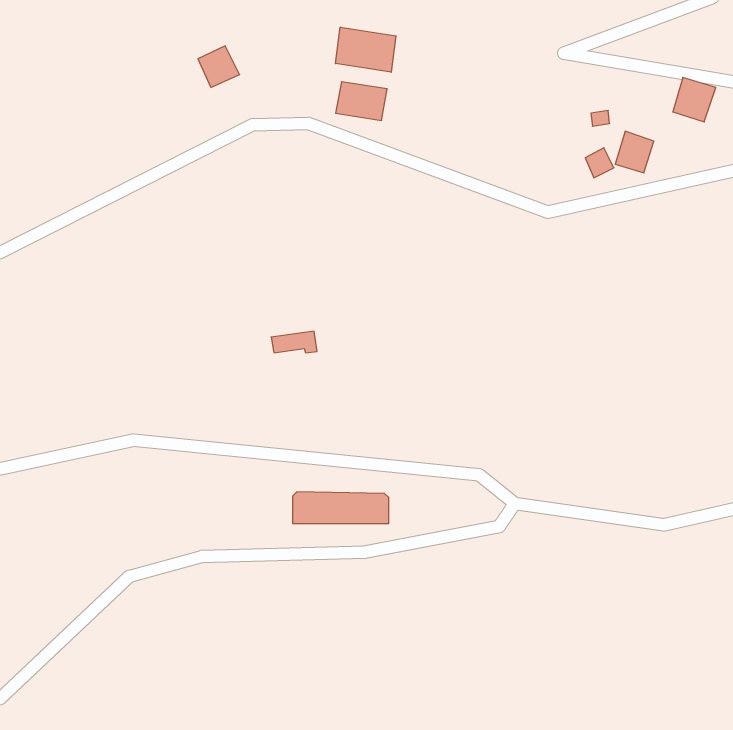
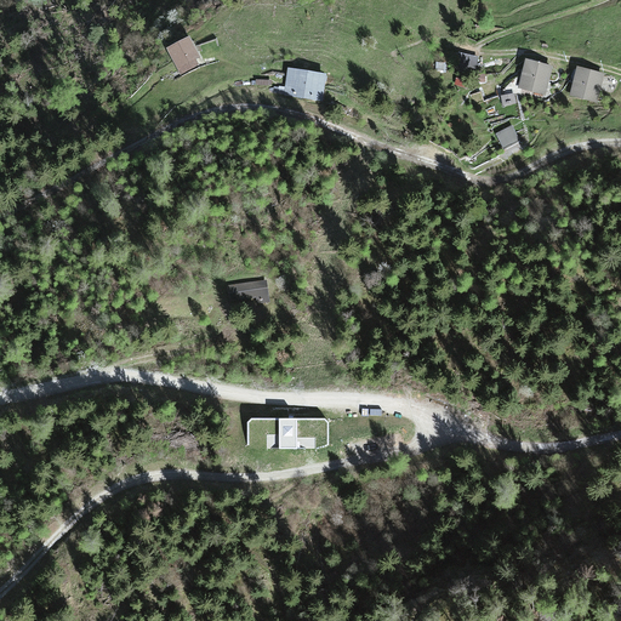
building: [336,27,396,72] -> none
building: [615,131,654,173] -> [519,59,552,95]

